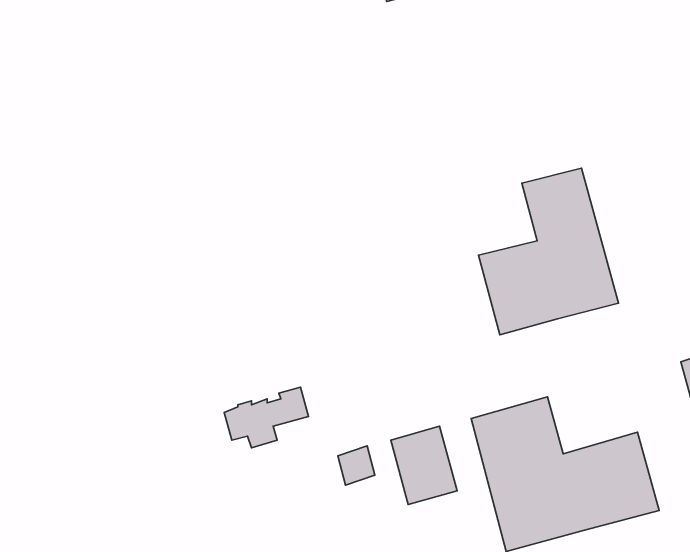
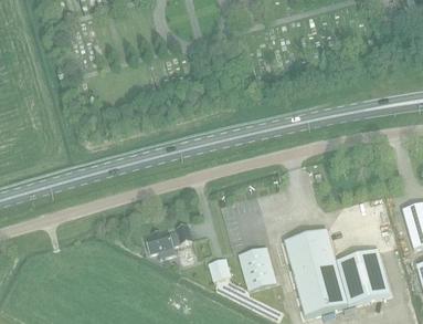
building: [479,168,618,335] -> none

